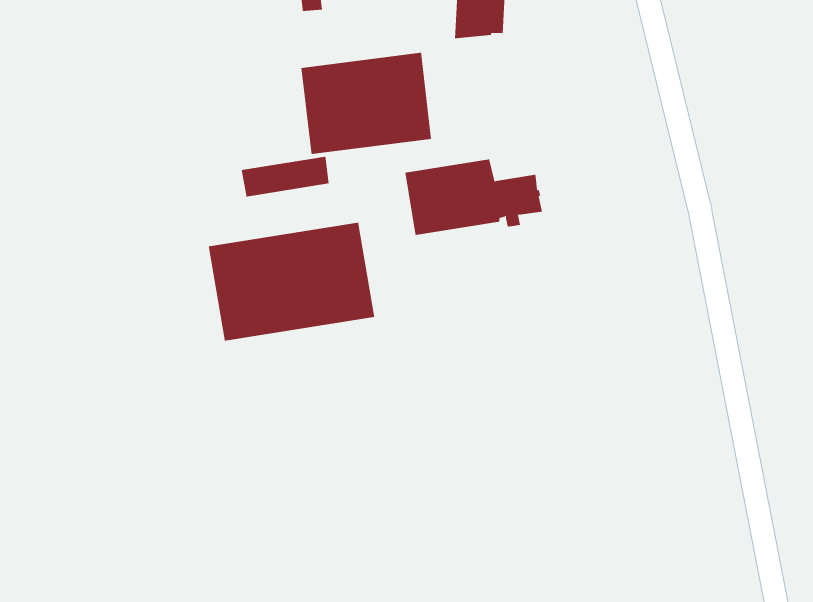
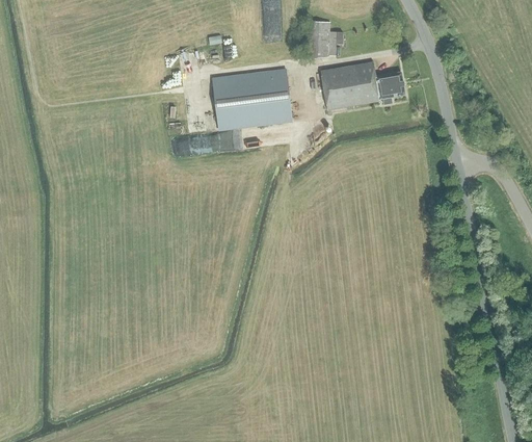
building: [405,159,543,236] -> [321,62,405,109]
building: [208,222,375,341] -> none

